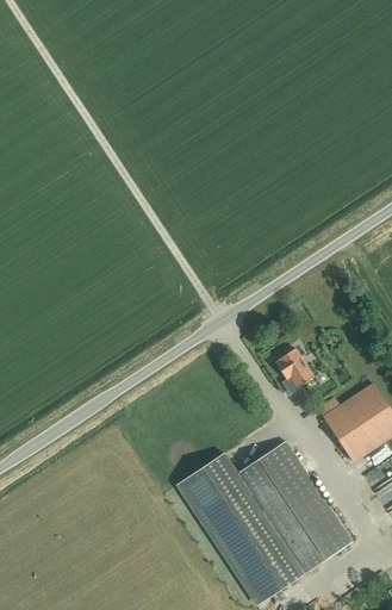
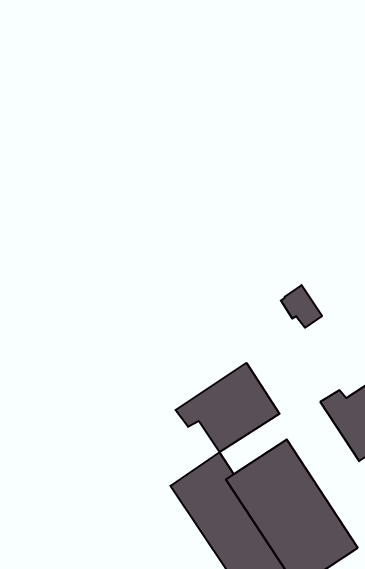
building: [275,349,313,388] -> [281,285,322,328]
building: none -> [175,363,280,452]

